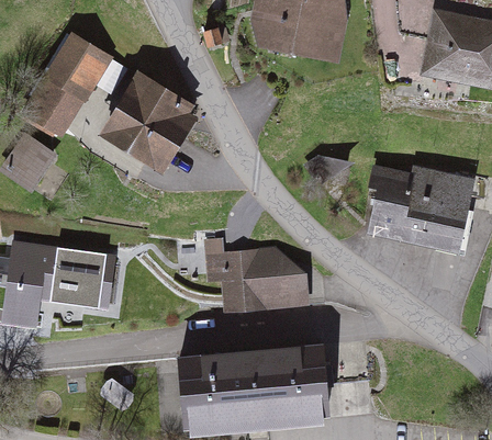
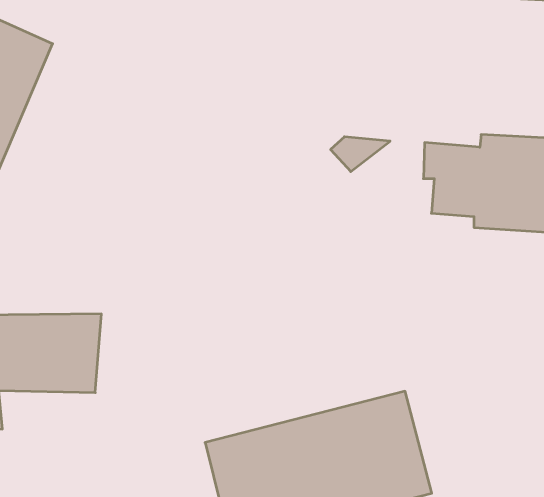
building: [104,72,202,169] -> none
building: [202,244,313,312] -> none

